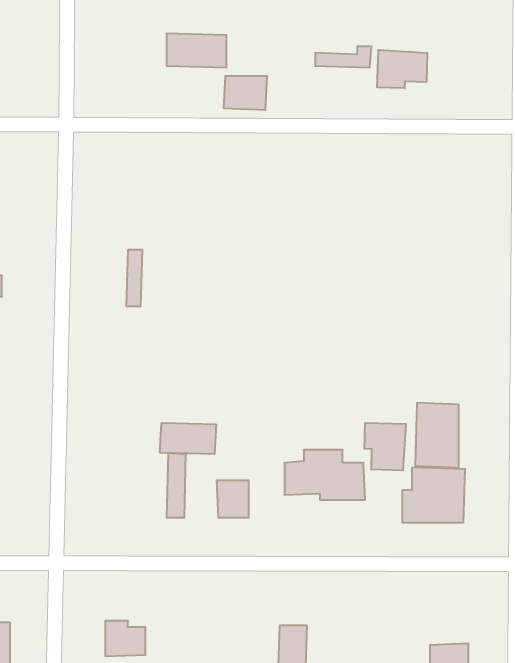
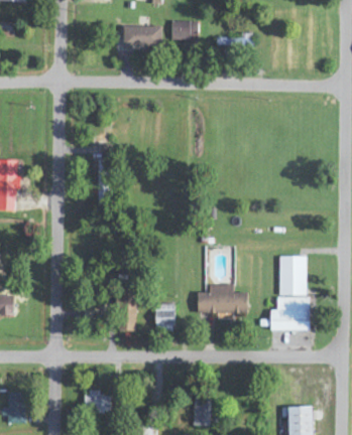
building: [377,50,427,88] -> none
building: [224,76,267,110] -> [170,21,198,42]
building: [365,423,406,470] -> none
building: [160,423,216,454] -> none

